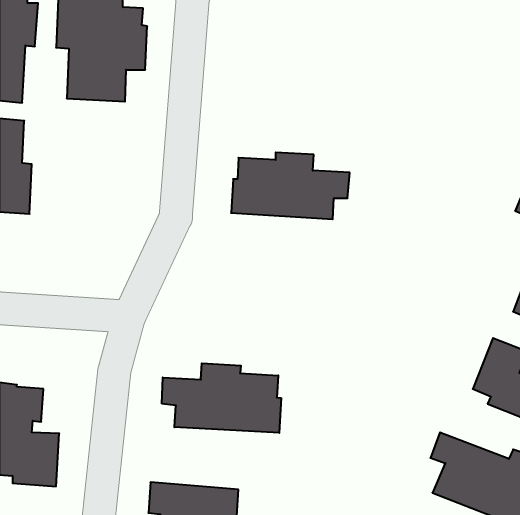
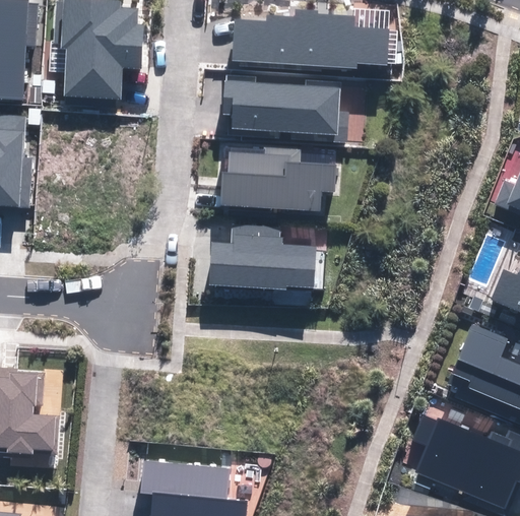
building: none -> [232,11,389,66]
building: none -> [222,75,346,141]
building: none -> [209,224,325,288]
building: [162,363,281,433] -> none

